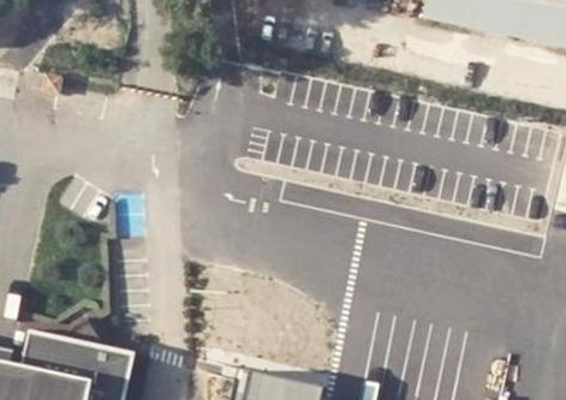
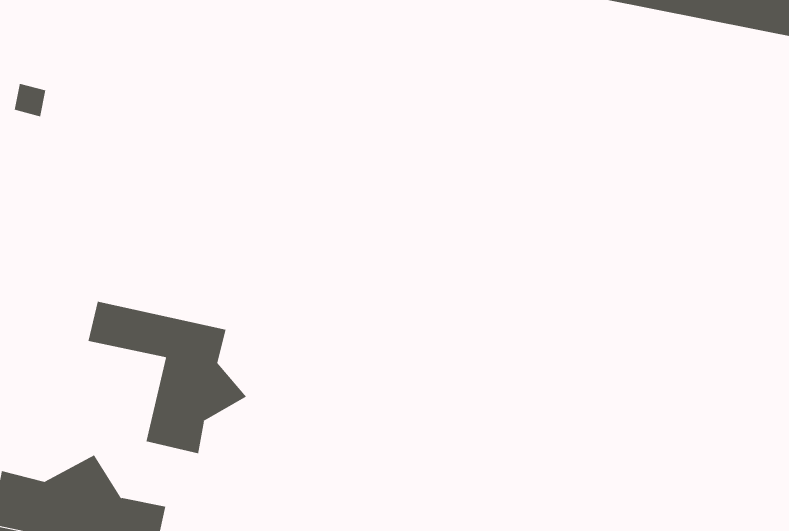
building: none -> [88,301,247,454]

